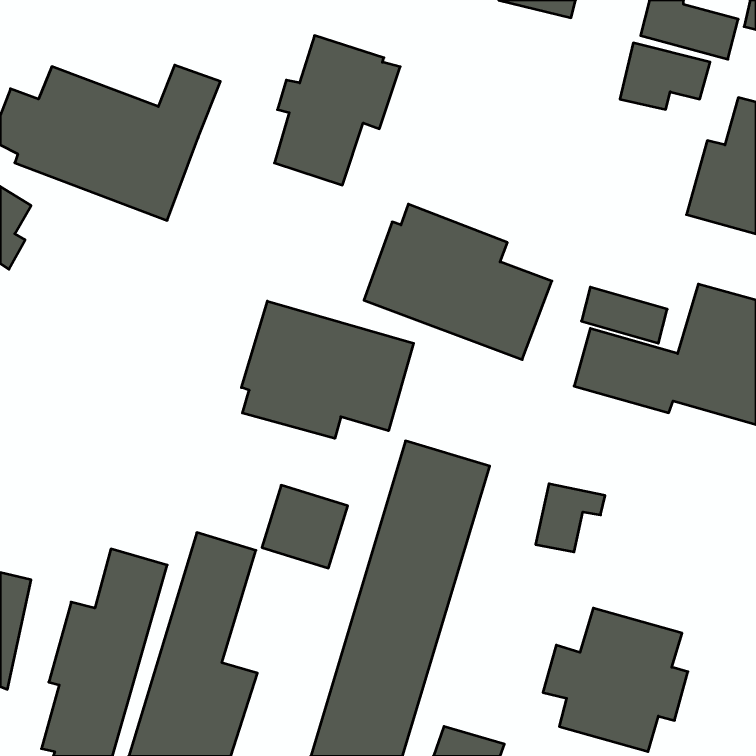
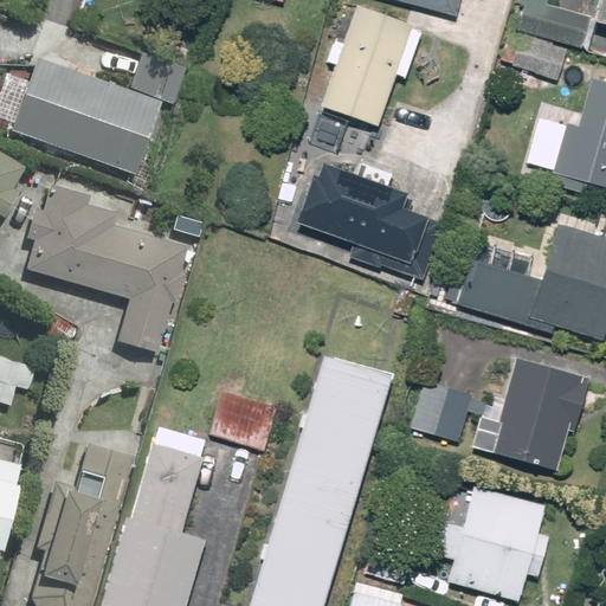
building: [274,36,400,185] -> [324,5,425,124]
building: none -> [27,185,186,350]
building: [241,301,414,438] -> none
building: none -> [472,359,589,472]

